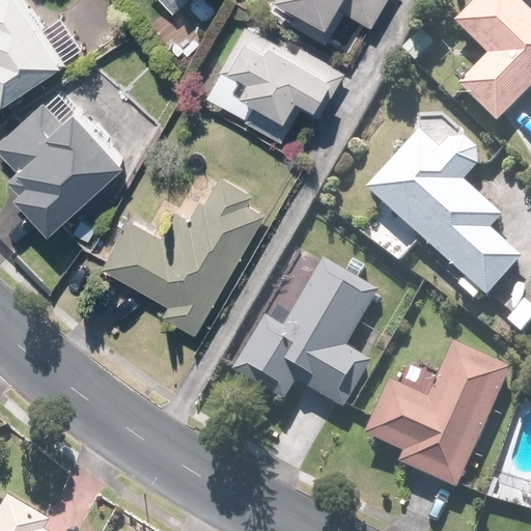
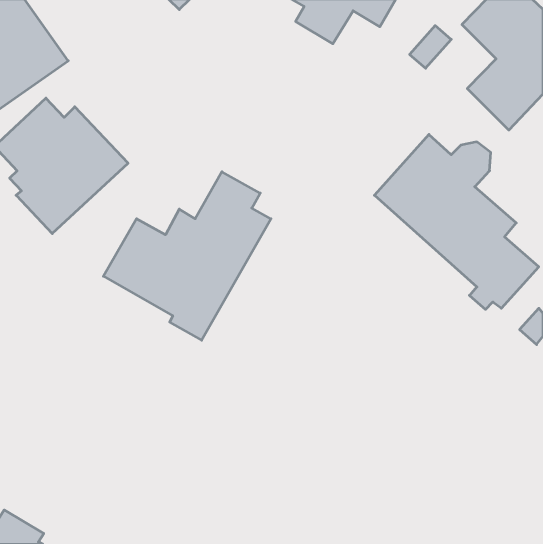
building: [219,22,336,138] -> none
building: [229,261,376,414] -> none
building: [363,341,513,491] -> none

